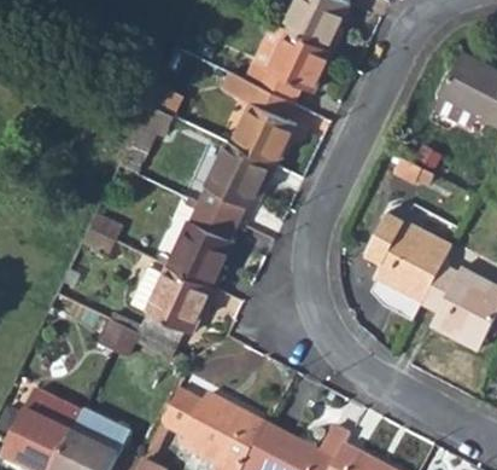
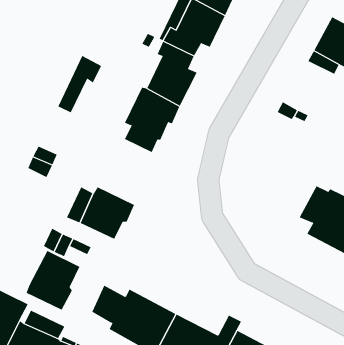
building: [169,205,238,288] -> none
building: [364,215,452,319] -> none
building: none -> [26,250,80,310]

